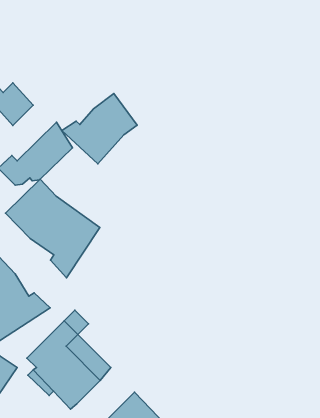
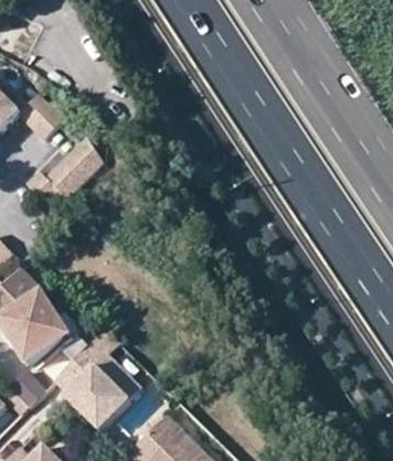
building: [62,93,137,164] -> none
building: [5,179,100,278] -> none

